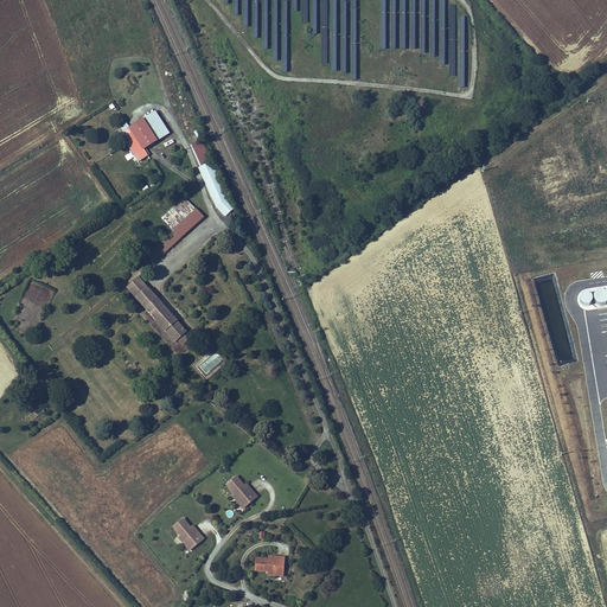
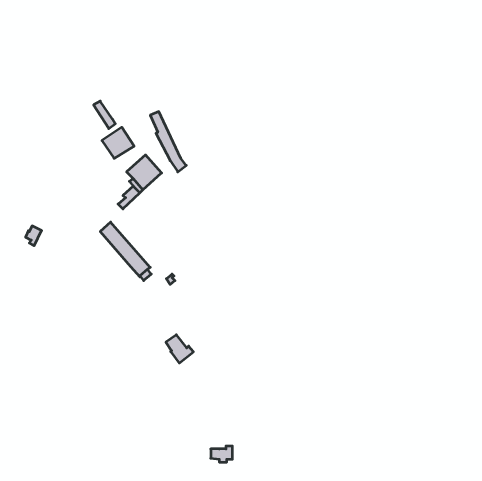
building: [127,110,167,149] -> [102,127,134,158]
building: [226,472,261,507] -> [166,335,193,363]
building: [172,513,205,548] -> none

